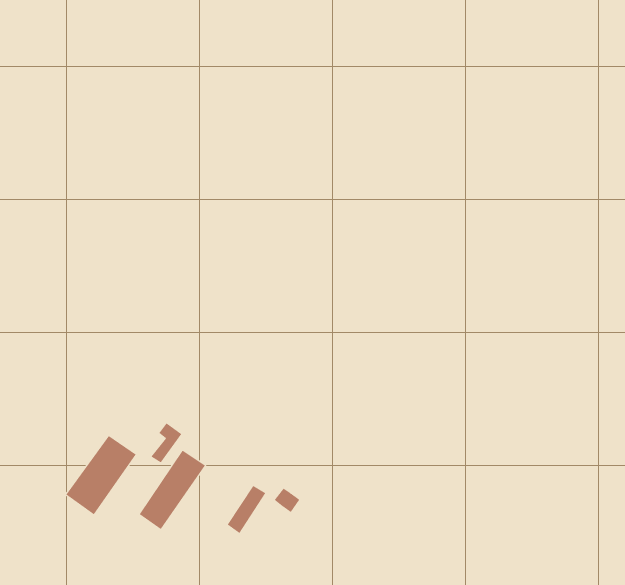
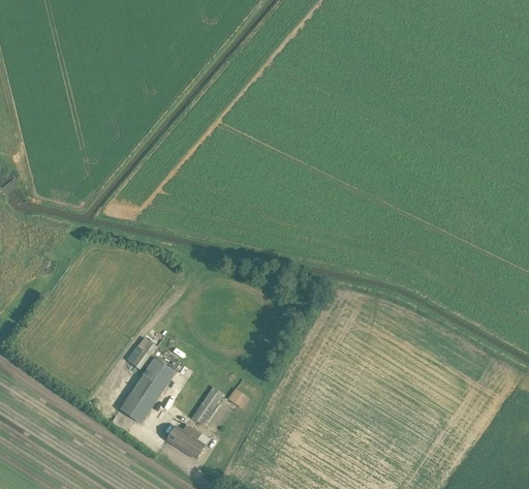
building: [66,435,136,515] -> none
building: none -> [165,424,205,459]

